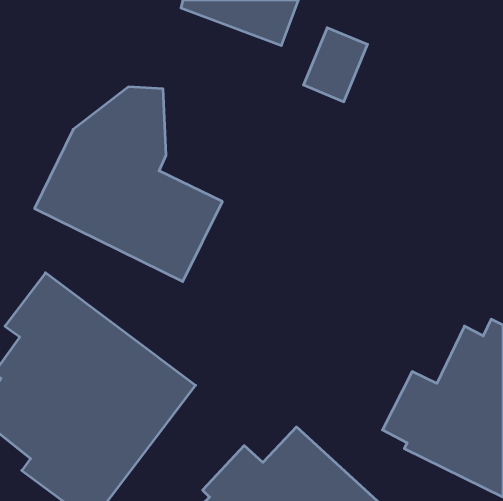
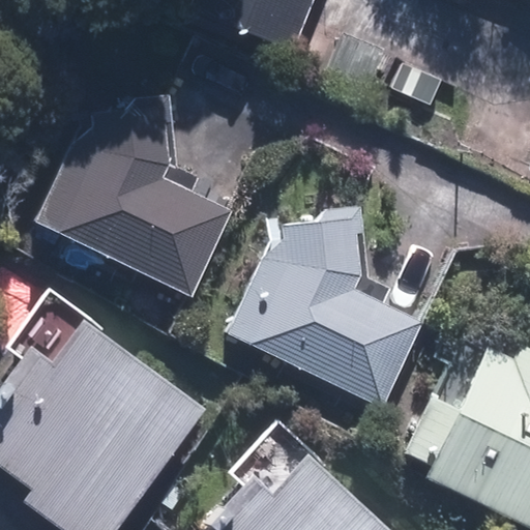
building: none -> [229,206,430,413]

